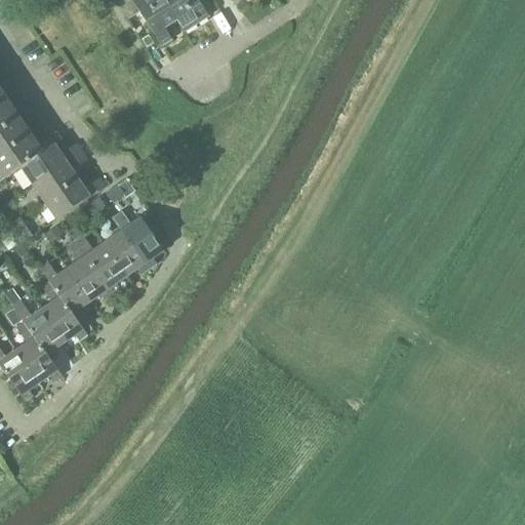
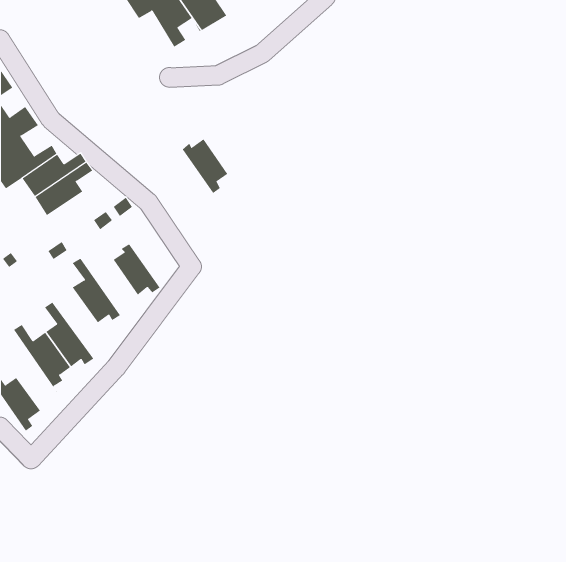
building: [43,176,104,217] -> none
building: [120,215,163,267] -> [182,138,228,194]
building: [75,234,127,292] -> none
building: [38,258,90,332] -> none
building: [11,306,59,380] -> none

